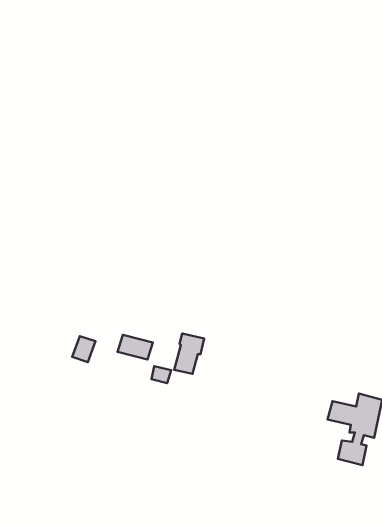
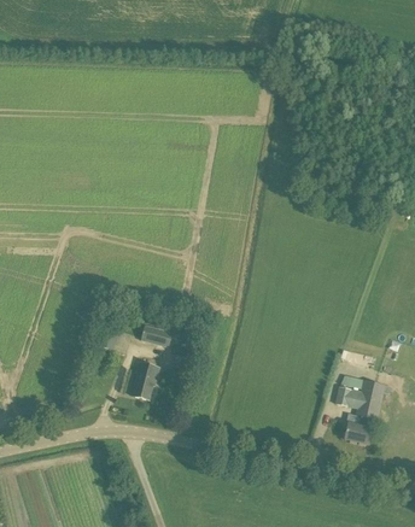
building: [174,333,204,374] -> [130,359,158,397]

